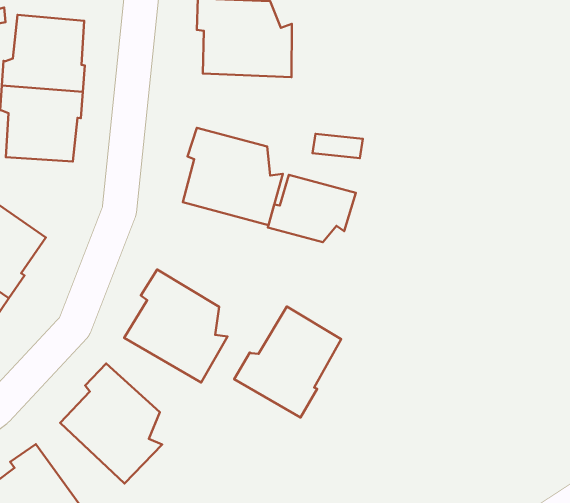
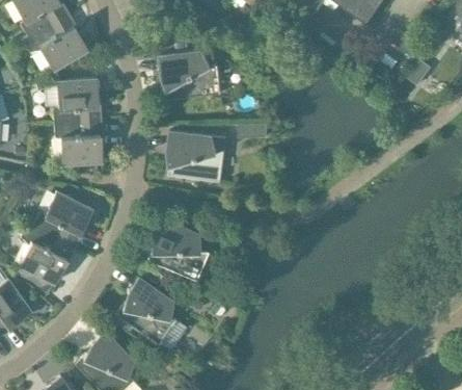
building: [268,175,356,242] -> none
building: [234,306,341,417] -> none

